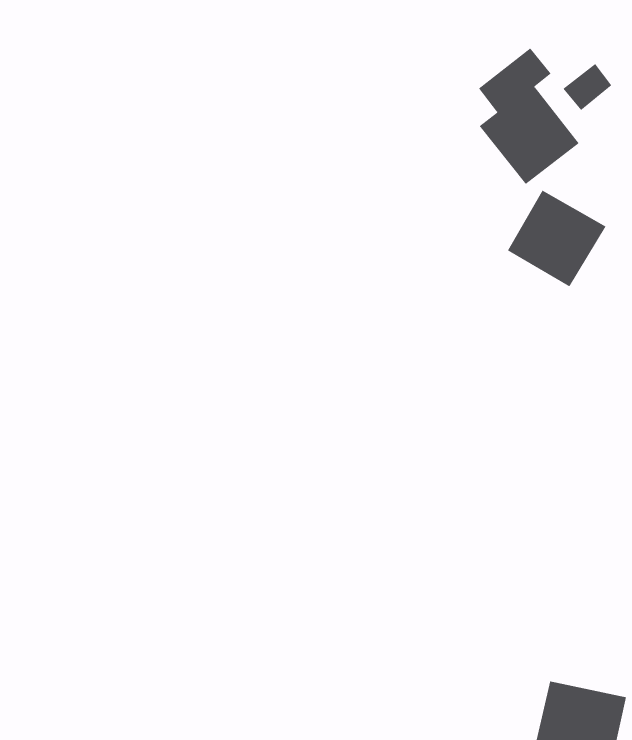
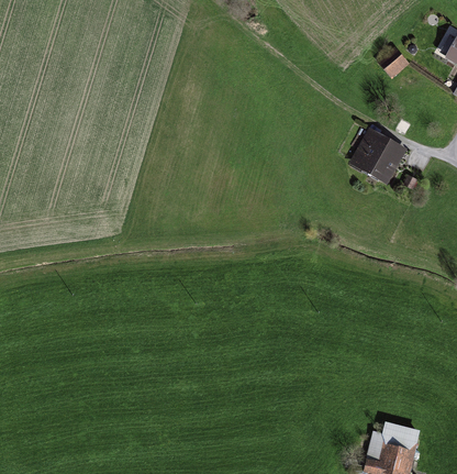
building: [478,48,579,185] -> none

